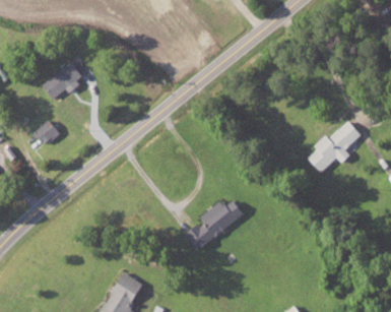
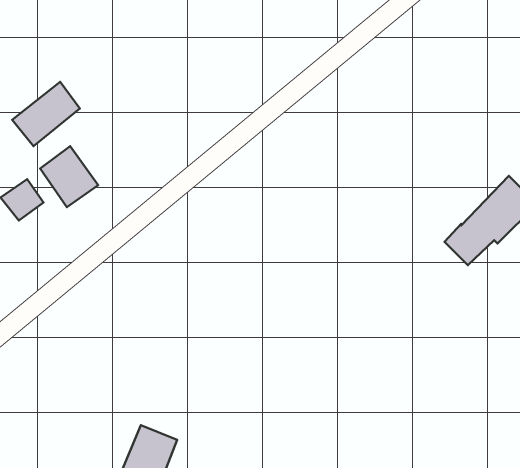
building: none -> [40,146,98,207]
building: [183,200,246,250] -> none

